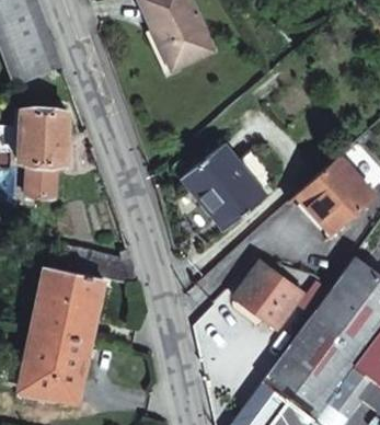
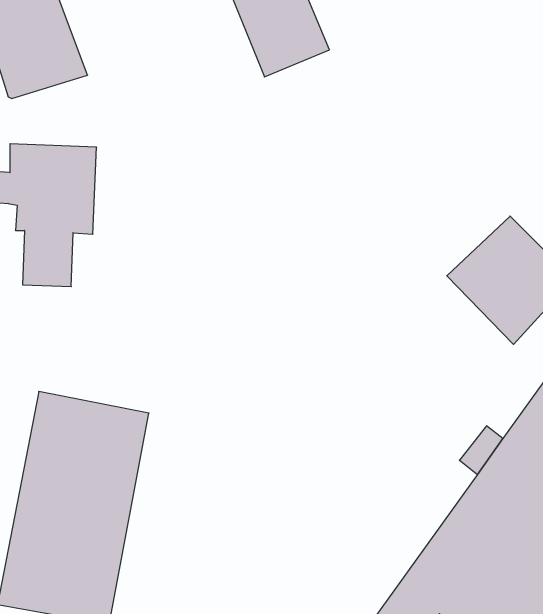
building: [177,140,262,229] -> none
building: [227,263,293,328] -> none

